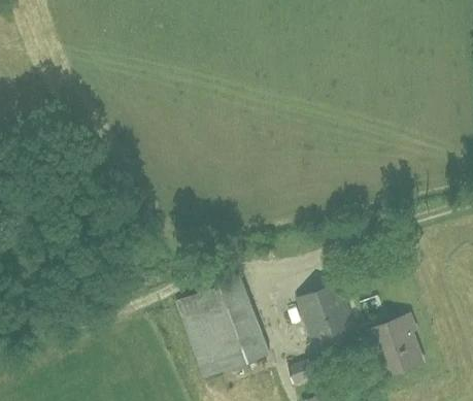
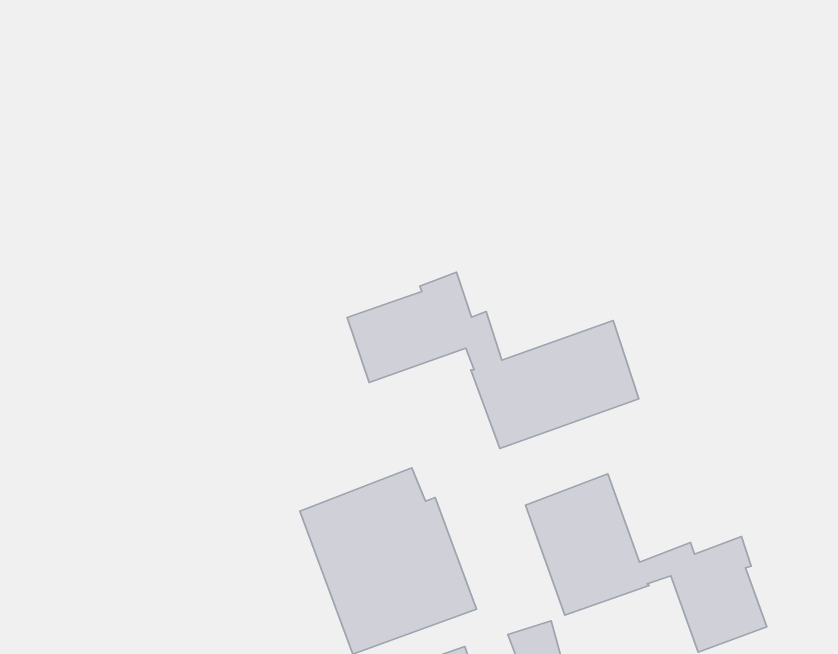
building: none -> [347,272,639,449]

